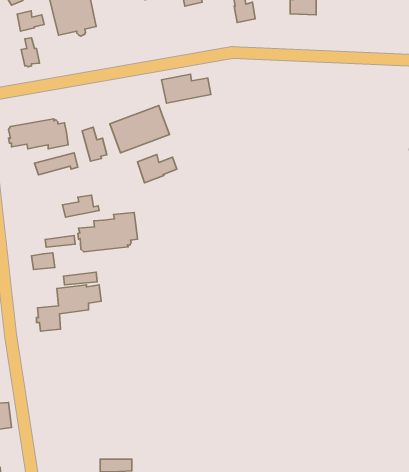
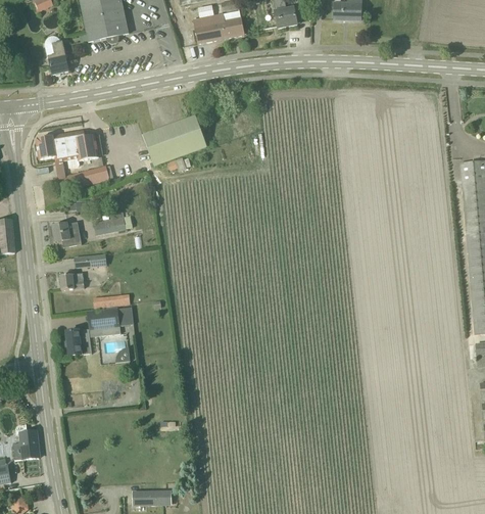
building: [17,11,44,31] -> none
building: [162,74,211,103] -> [194,11,246,42]
building: [82,127,107,161] -> none
building: [137,154,177,183] -> none
building: none -> [53,222,83,246]
building: [78,212,137,252] -> none

